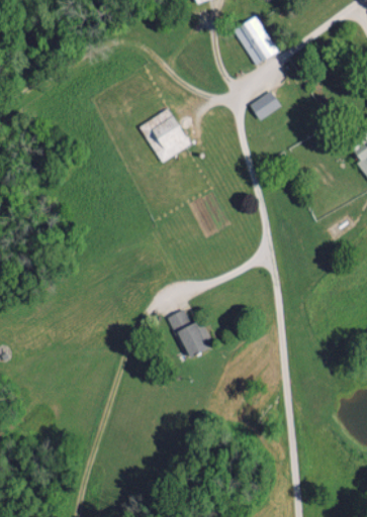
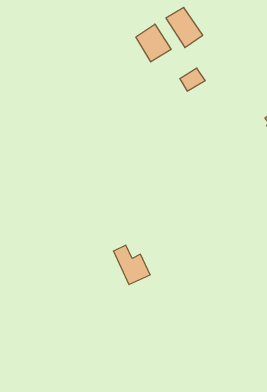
building: none -> [136,24,171,62]
building: [139,108,191,163] -> none

